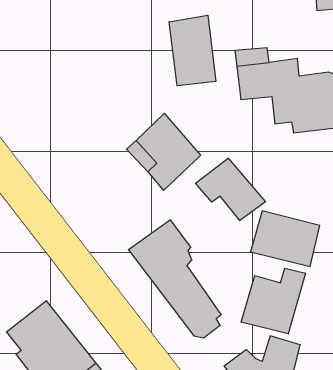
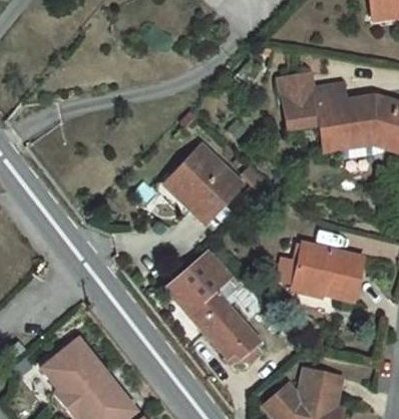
building: [169,15,216,86] -> none
building: [195,158,265,221] -> none
building: [241,268,305,334] -> none

